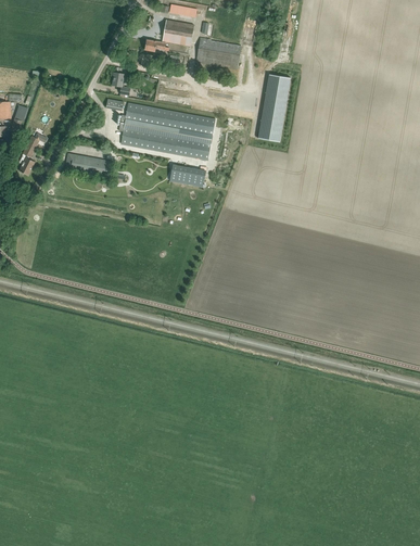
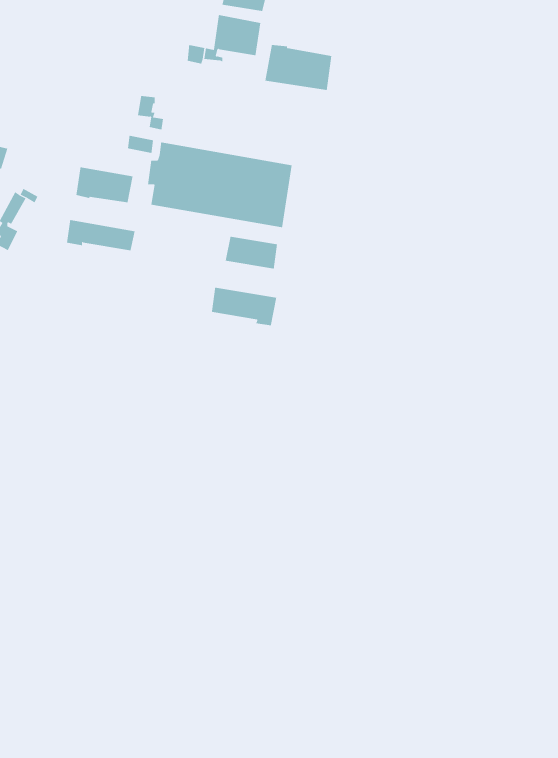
building: [258,73,291,141] -> none
building: none -> [76,167,133,203]
building: none -> [211,287,277,326]

